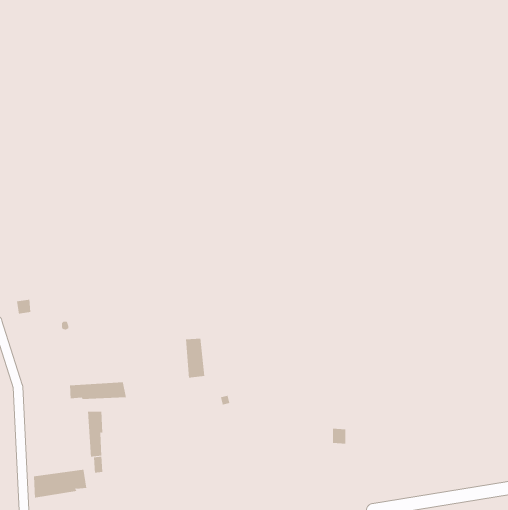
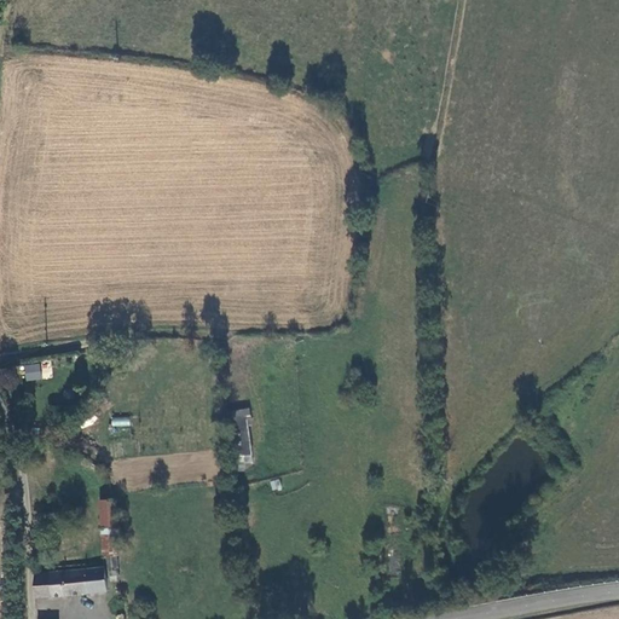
building: [70,382,126,400] -> none

